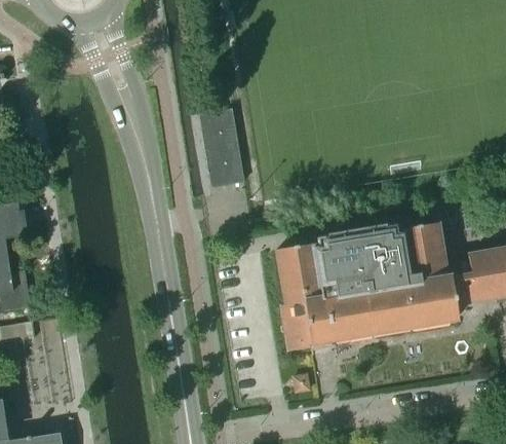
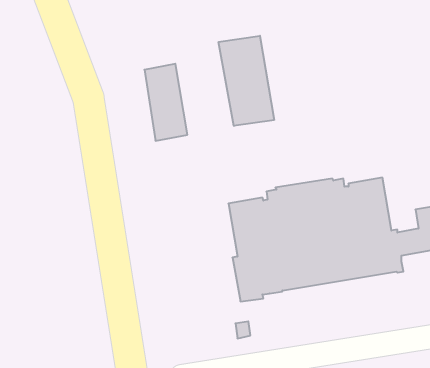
building: none -> [219,36,274,126]

